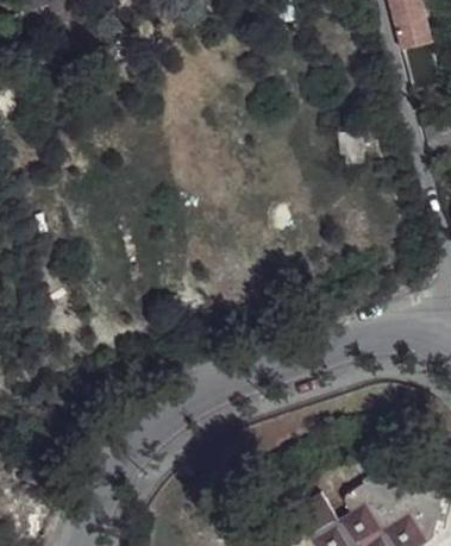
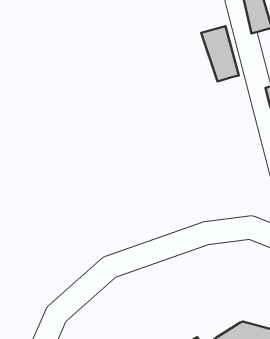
building: none -> [201,26,239,81]

